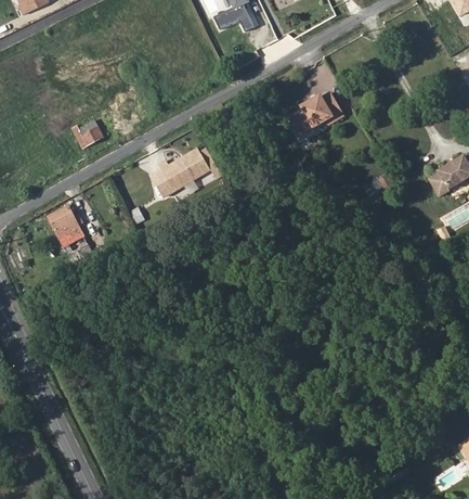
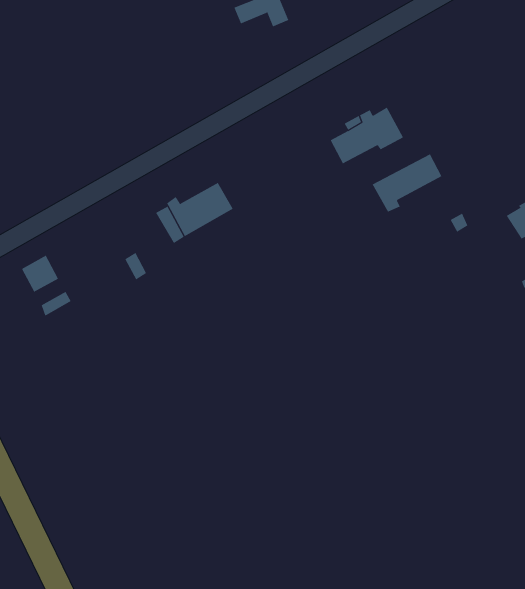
building: [73,121,104,149] -> none
building: none -> [372,153,442,212]

